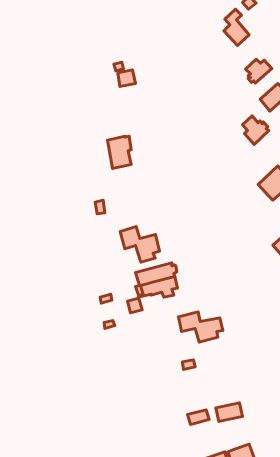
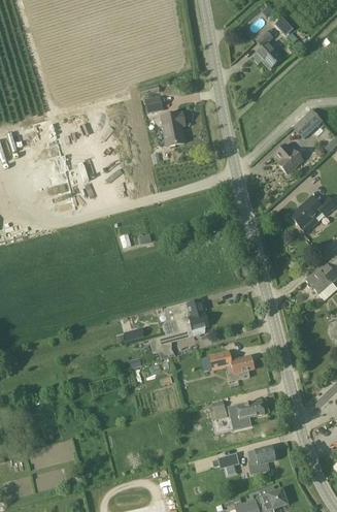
building: [246,59,272,83] -> none
building: [108,136,131,169] -> [160,113,184,147]
building: [120,227,160,262] -> none
building: none -> [228,399,264,429]

